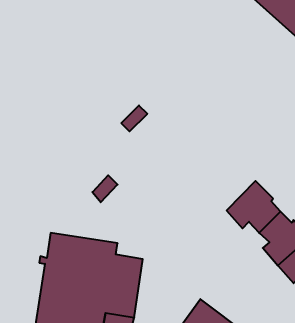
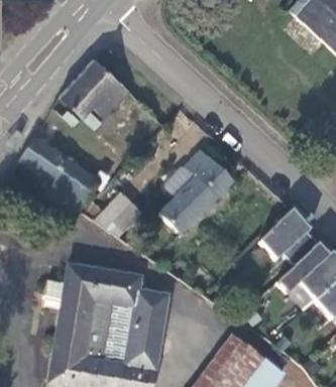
building: none -> [61,58,139,124]
building: none -> [21,138,97,218]
building: none -> [159,150,232,234]

